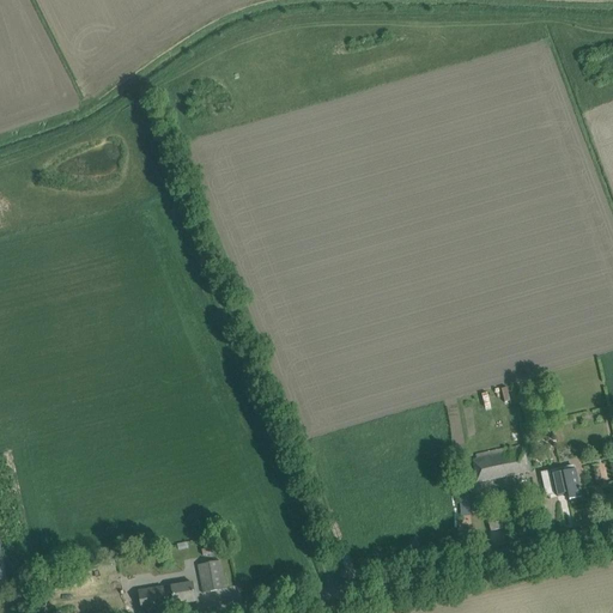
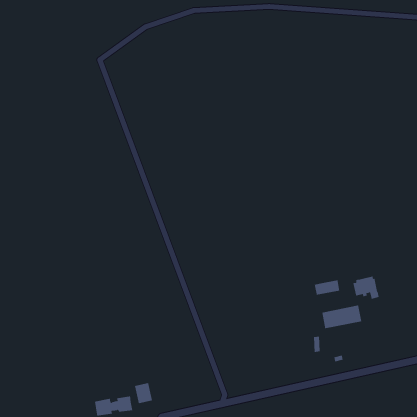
building: none -> [314,280,340,296]
building: [541,465,581,499] -> [352,276,379,300]

